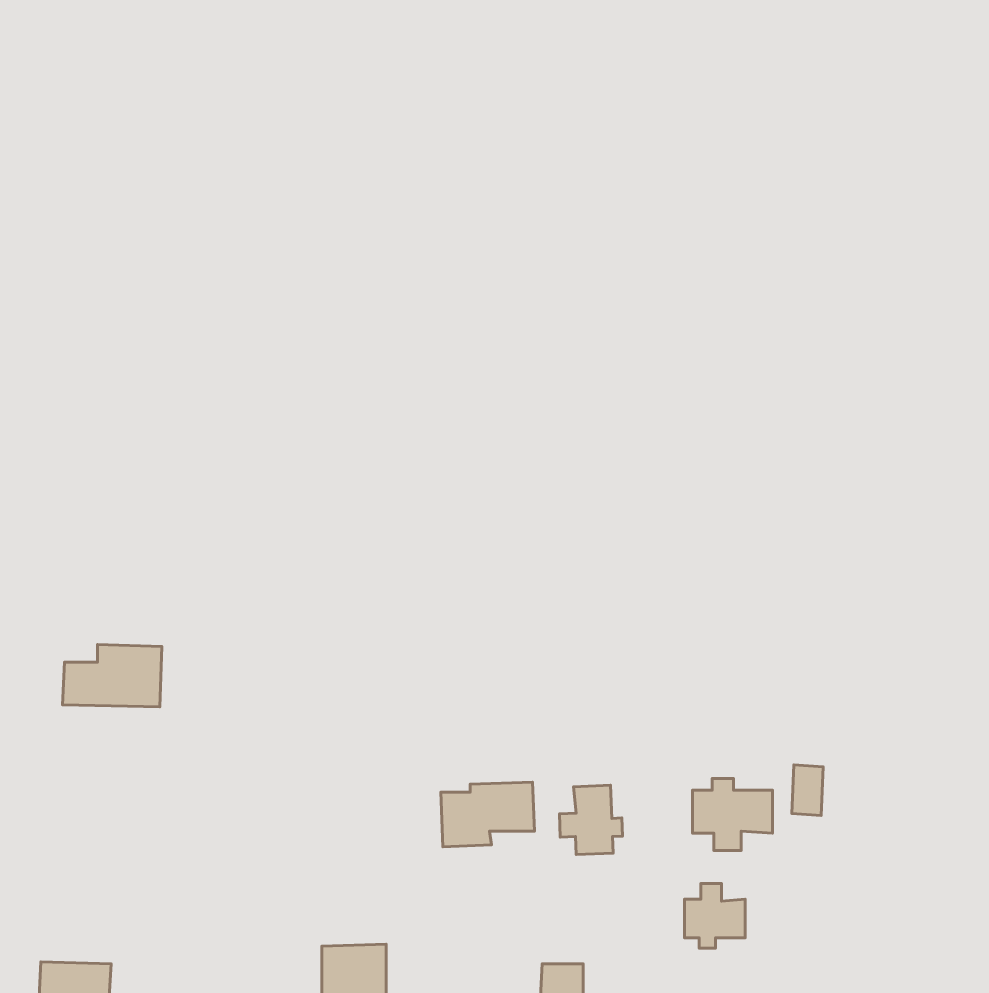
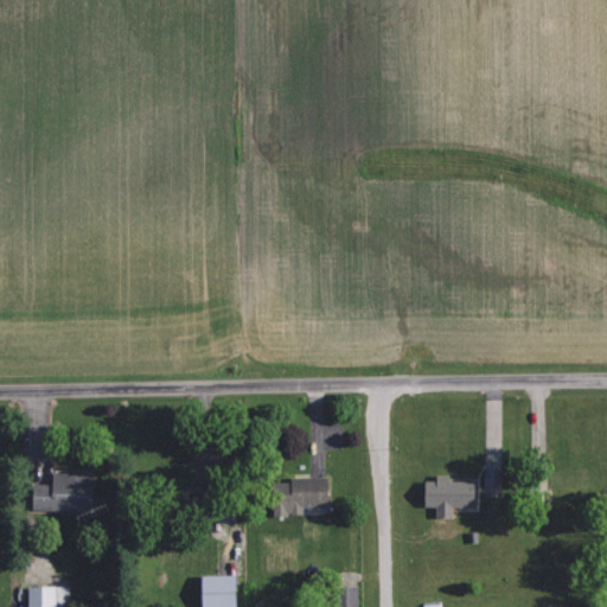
building: [62,644,162,707] -> [32,474,92,512]
building: [559,785,623,855] -> none
building: [684,884,745,948] -> none

